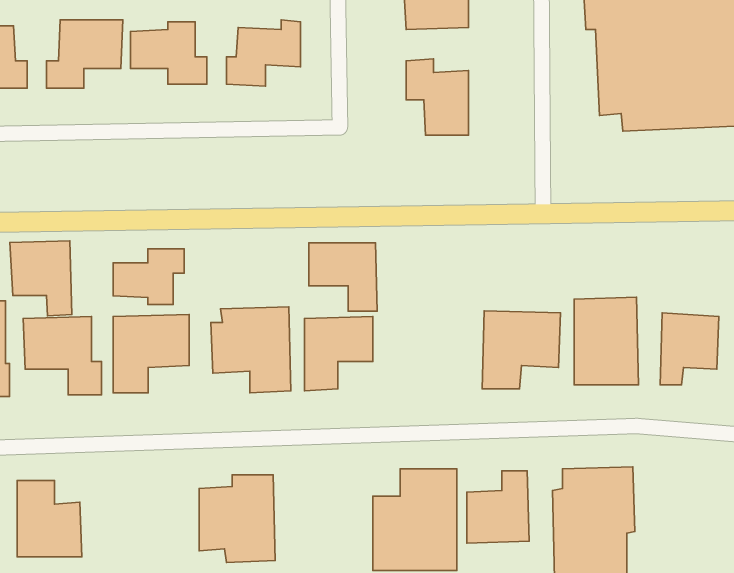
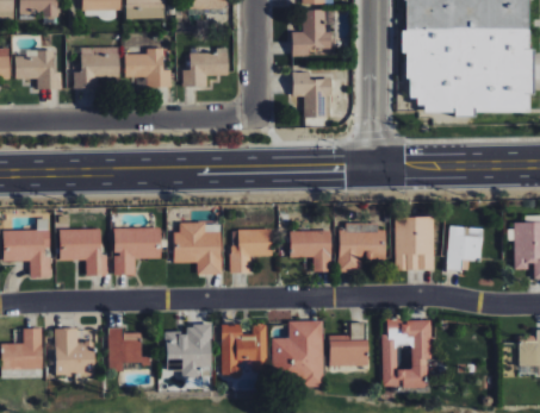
building: [10,241,72,316] -> none
building: [309,243,377,311] -> [290,231,331,273]
building: [113,249,184,304] -> none
building: none -> [221,324,267,377]
building: none -> [107,327,150,373]

